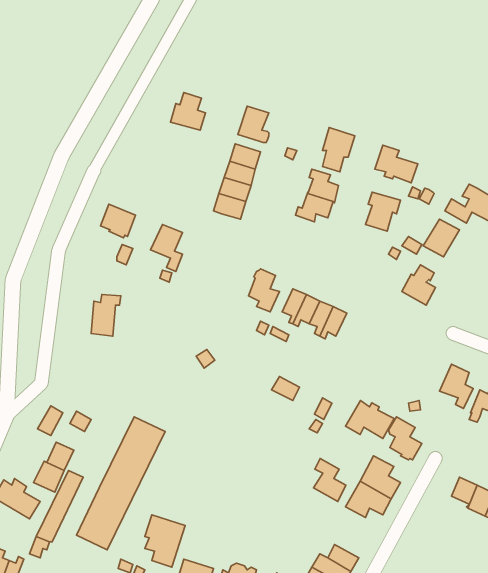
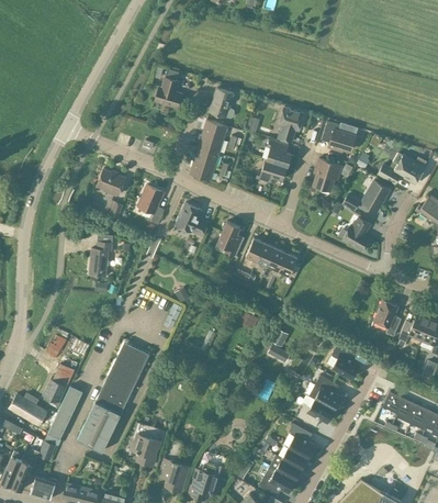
building: none -> [177,203,209,236]
building: [346,401,394,439] -> none
building: [314,458,346,501] -> [289,423,315,458]

